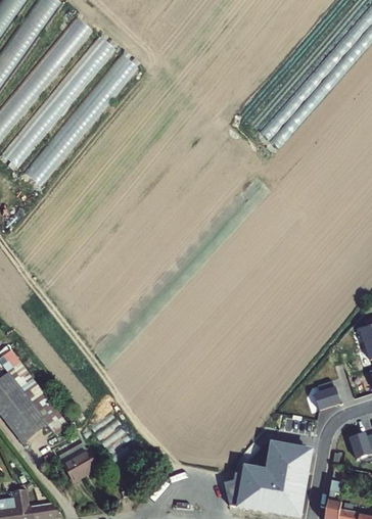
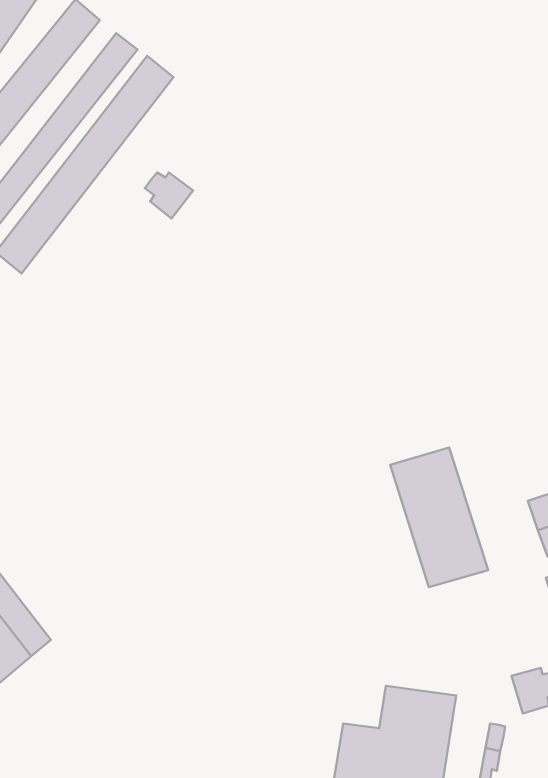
building: none -> [145,172,193,218]
building: none -> [390,448,488,587]
building: [312,381,341,410] -> none
building: [60,443,97,482] -> none

